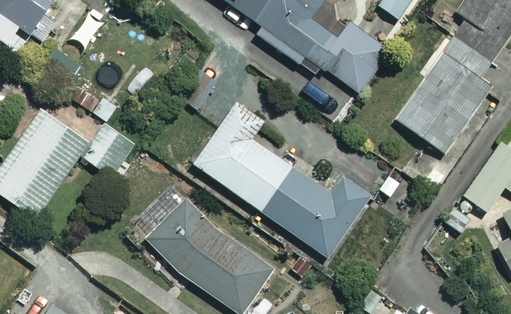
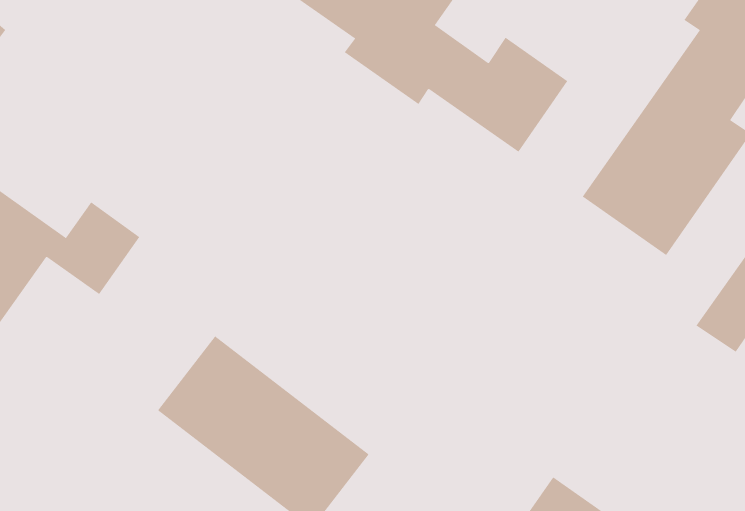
building: [192,102,369,256] -> none

